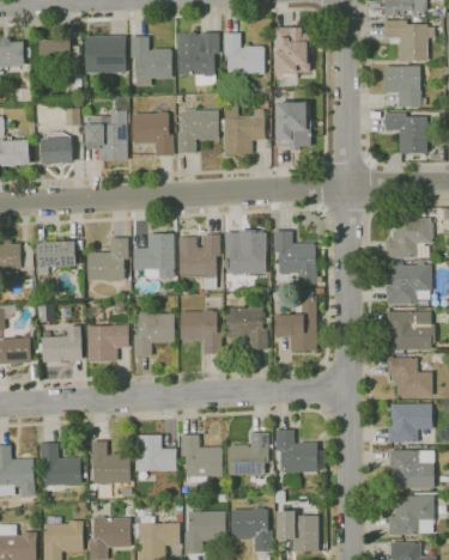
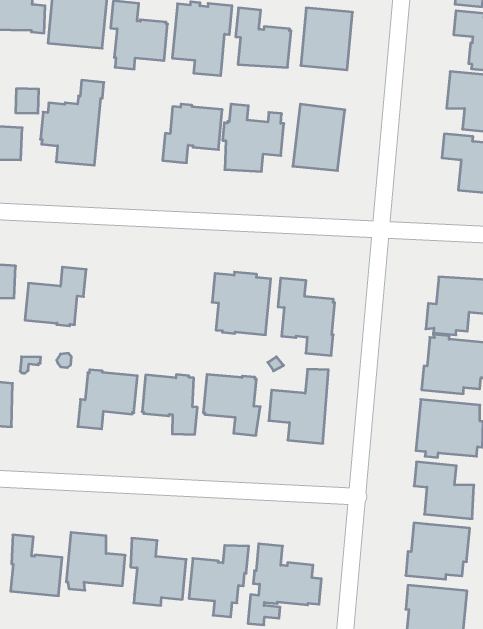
building: [129,111,172,156] -> none
building: [133,233,174,278] -> none
building: [178,235,220,288] -> none
building: [89,324,131,361] -> none

